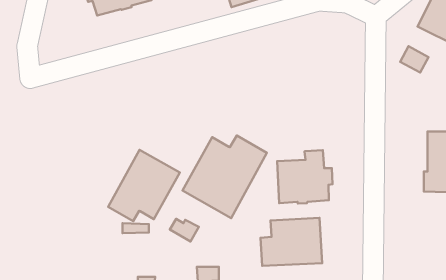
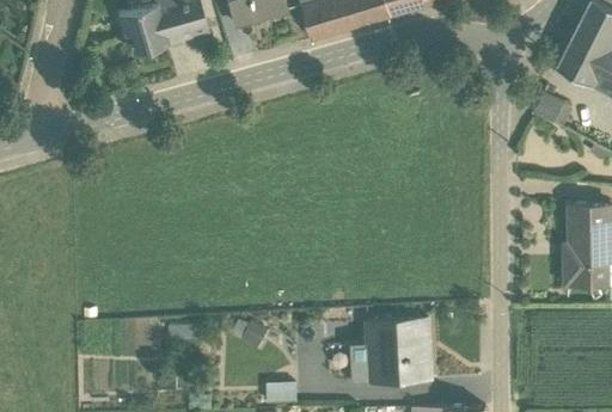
building: [182,136,267,218] -> none
building: [108,150,180,221] -> none
building: [277,150,333,204] -> none

